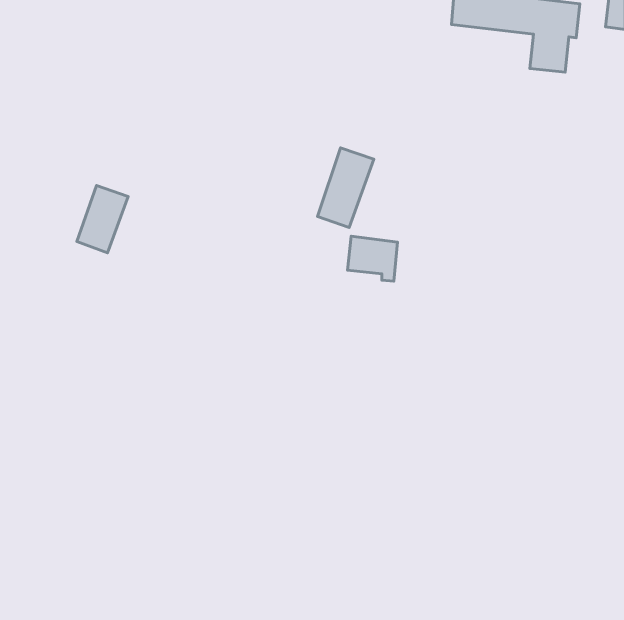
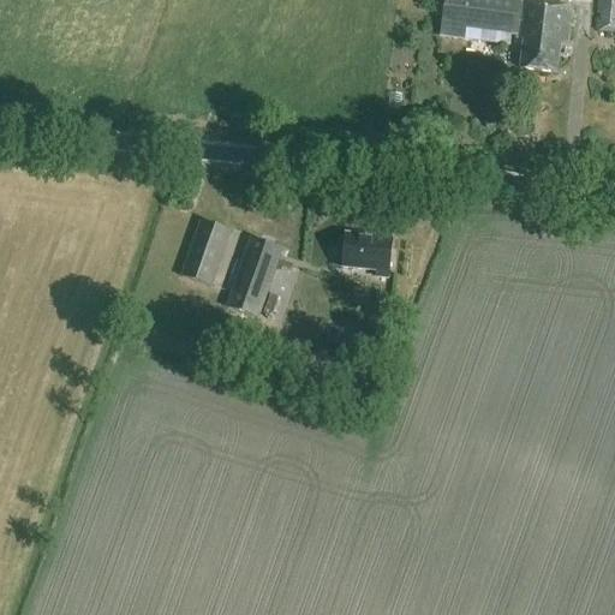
building: [317,148,374,227] -> [227,237,282,315]
building: [77,185,128,253] -> [181,220,232,286]

